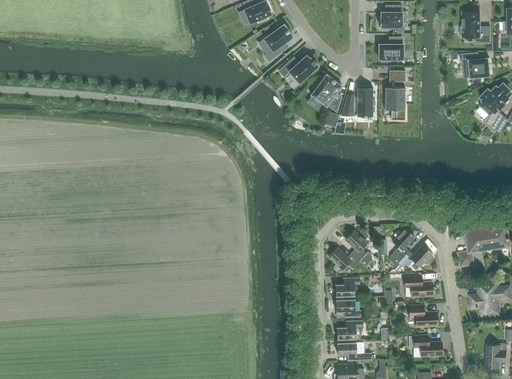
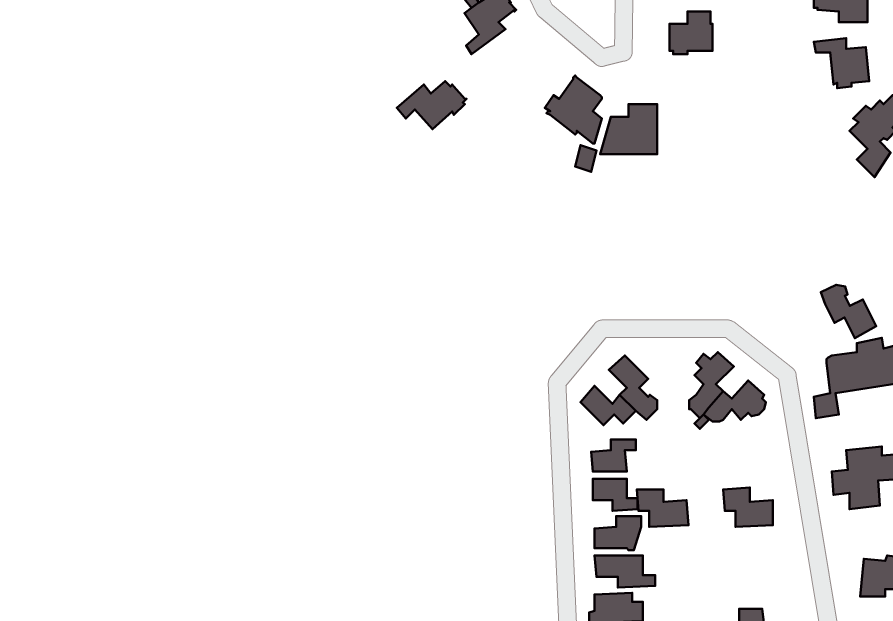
building: [279,55,318,82] -> [397,81,466,129]
building: [383,70,405,120] -> none
building: none -> [821,285,876,338]
building: [404,275,433,296] -> [637,489,688,527]
building: [414,335,442,356] -> none

